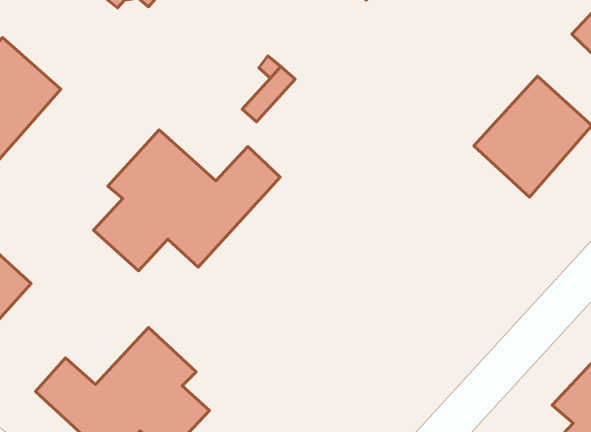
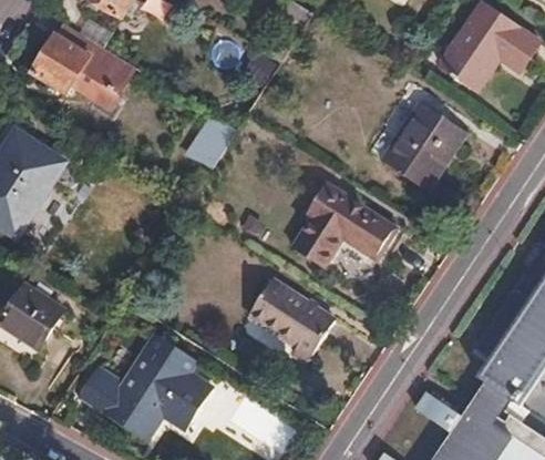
building: [93,130,280,271] -> none
building: none -> [292,185,397,269]
building: none -> [250,283,333,362]

